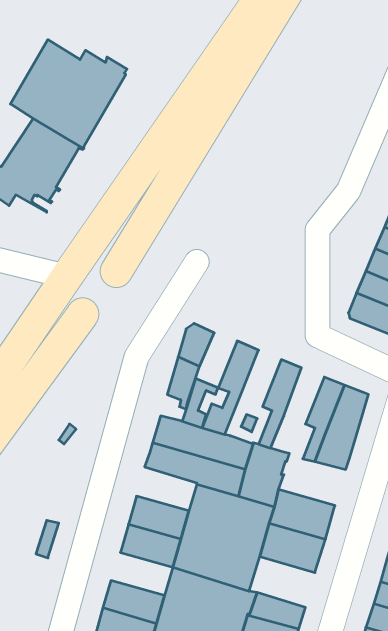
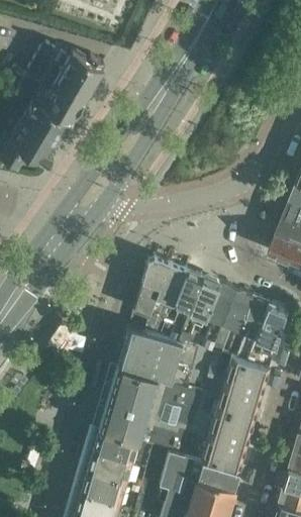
building: none -> [155,264,186,305]
building: none -> [188,277,219,319]
building: none -> [211,290,252,353]
building: none -> [217,354,268,394]
building: none -> [110,365,156,398]
building: none -> [91,429,137,461]
building: none -> [195,432,244,471]

